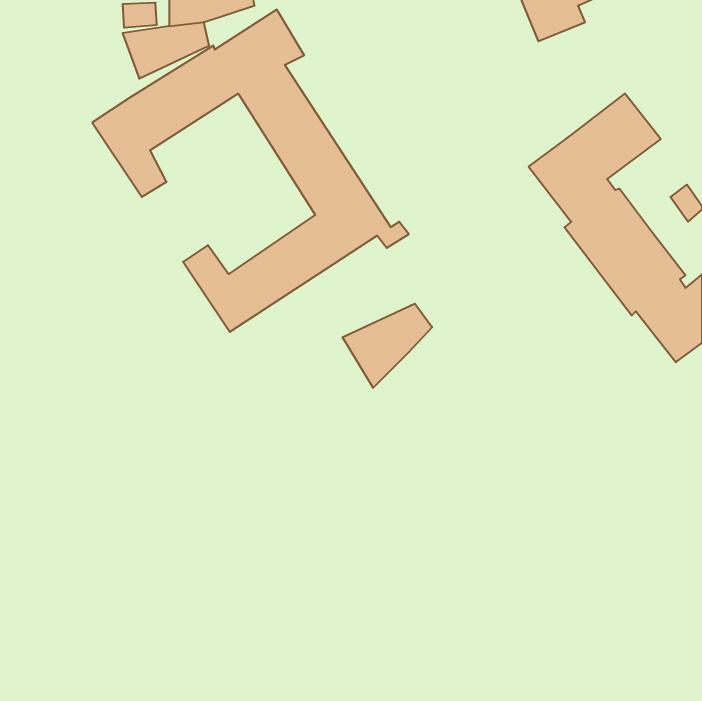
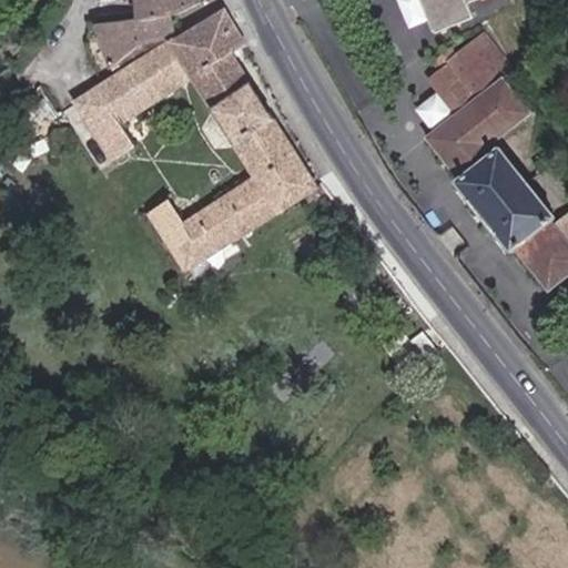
building: none -> [429,31,514,111]
building: [342,304,432,388] -> none

